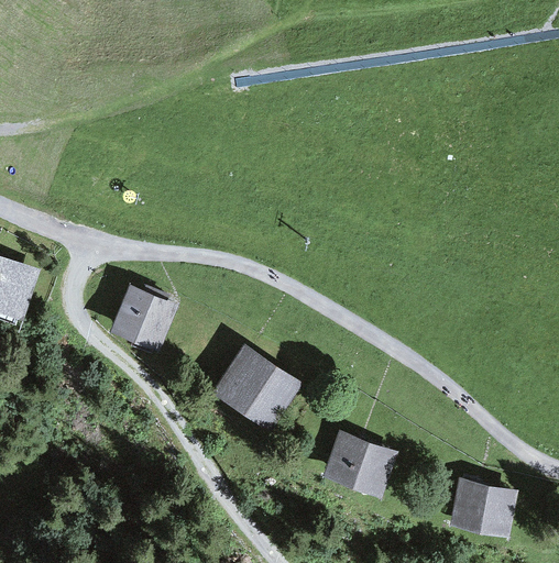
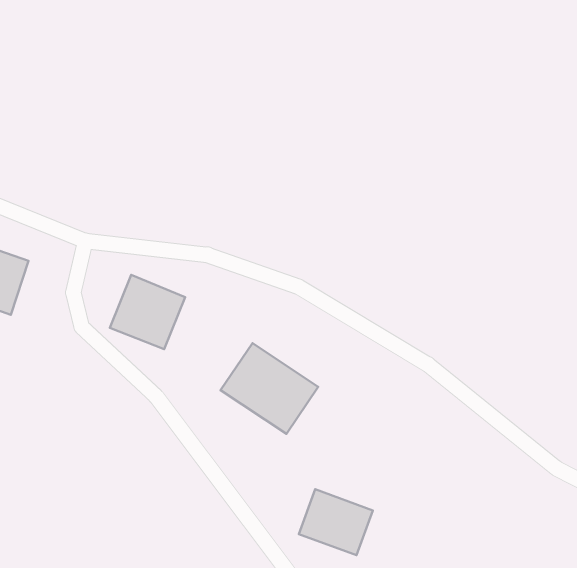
building: [324,433,393,495] -> [299,489,373,555]
building: [453,482,515,532] -> none

